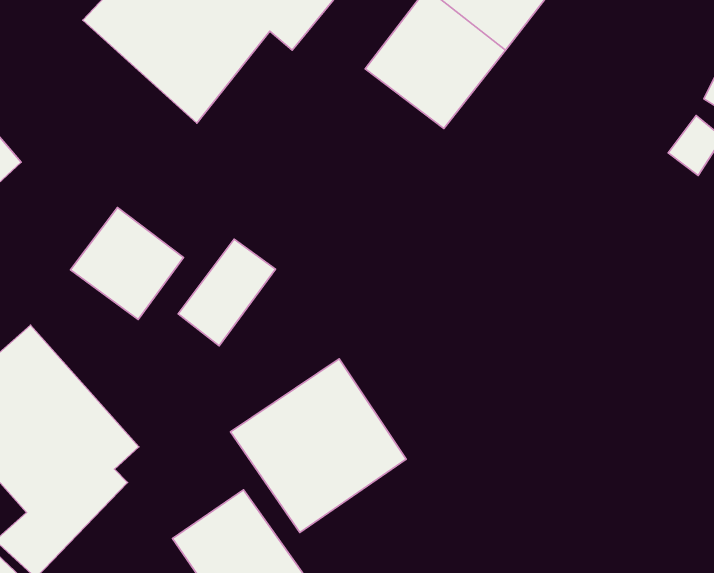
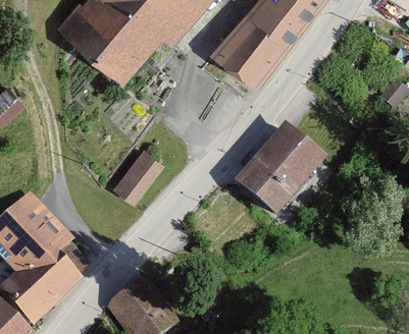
building: [71,208,184,319] -> none
building: none -> [235,127,322,217]
building: [231,359,406,532] -> none

